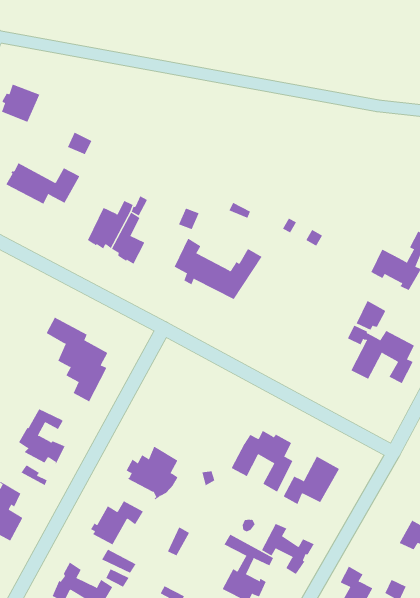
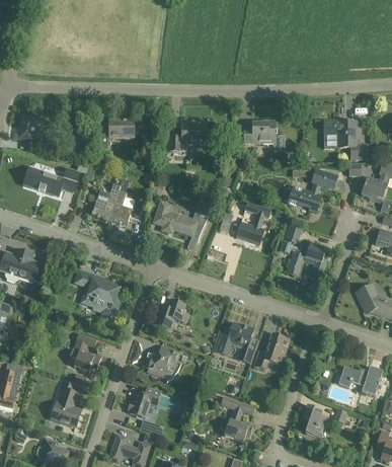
building: none -> [108,119,133,136]
building: none -> [167,122,207,150]
building: none -> [243,120,283,150]
building: none -> [235,202,269,244]
building: none -> [154,300,187,328]
building: [261,523,314,575] -> none

